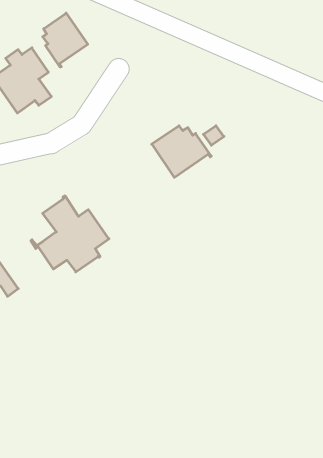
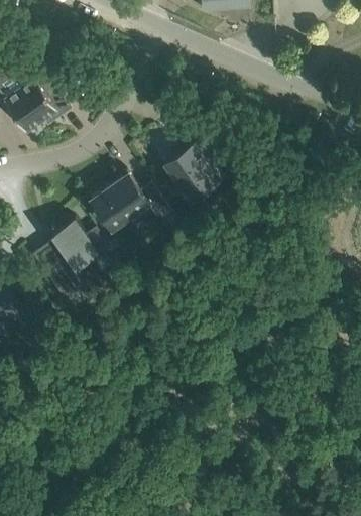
building: [43,13,88,67] -> none
building: none -> [89,175,165,235]

